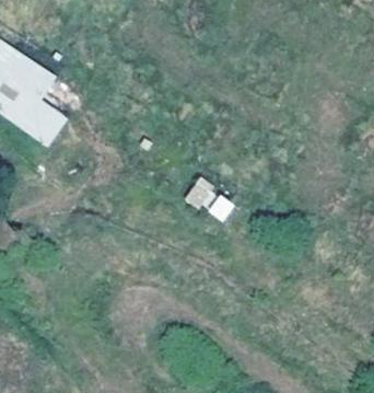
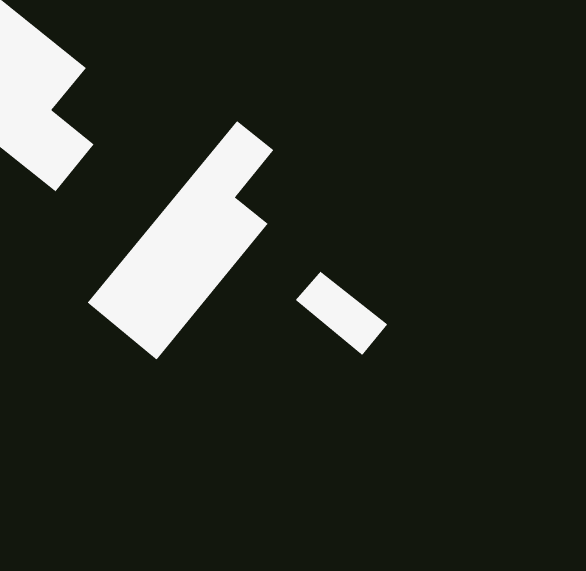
building: none -> [87,120,274,360]

